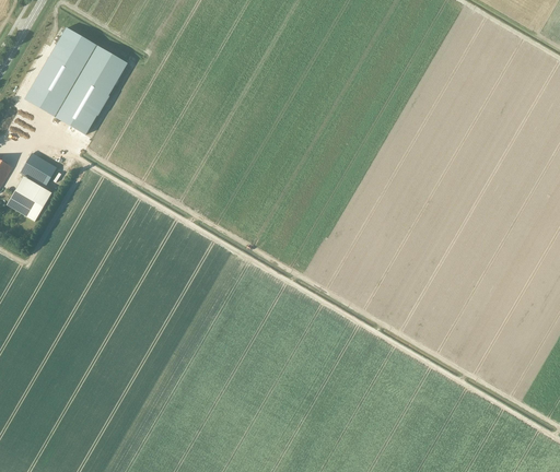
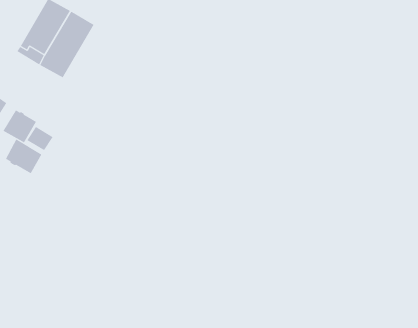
building: [20,153,56,186] -> [26,126,54,151]
building: none -> [5,139,42,174]

